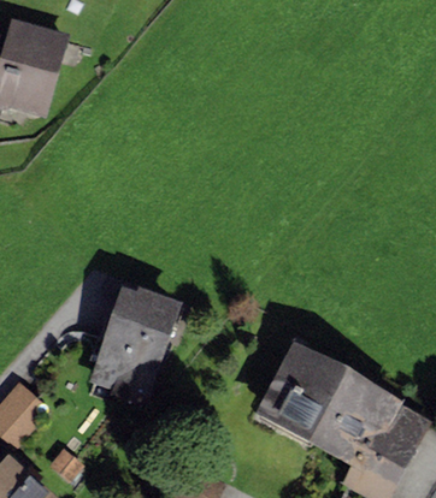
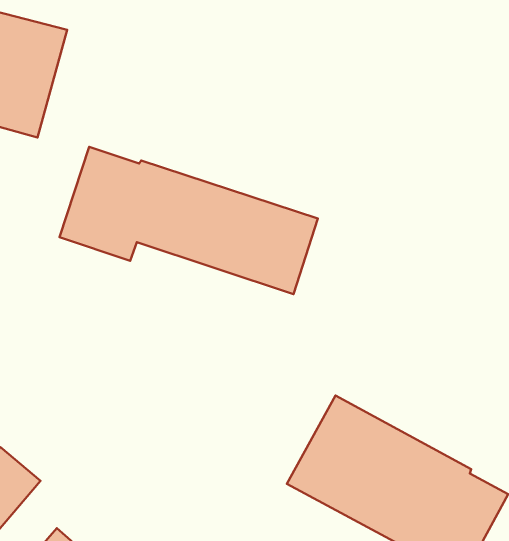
building: none -> [59,147,318,294]
building: [89,283,183,405] -> none

